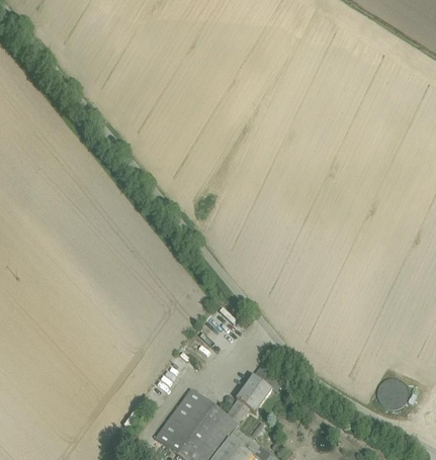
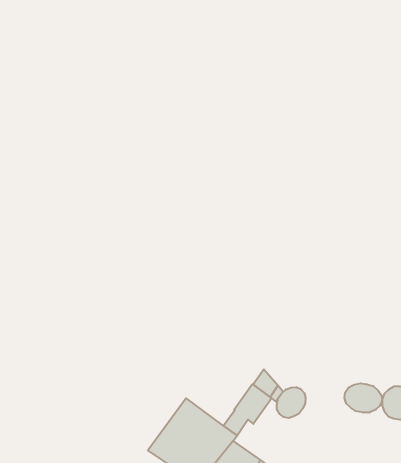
building: none -> [344,383,382,413]
building: none -> [277,387,305,418]

